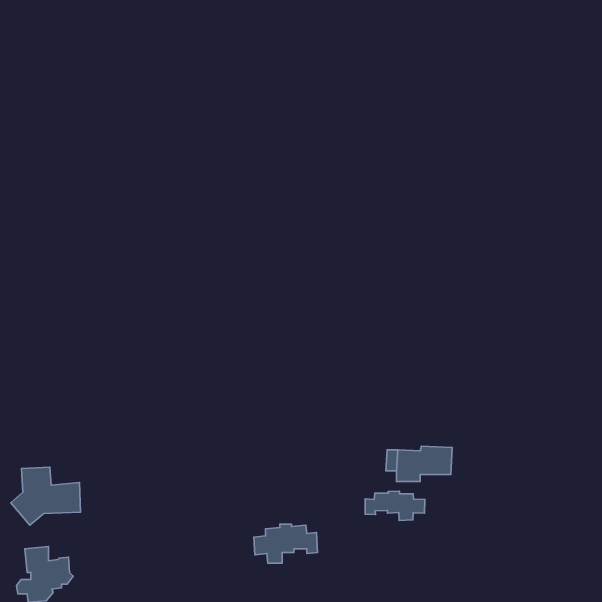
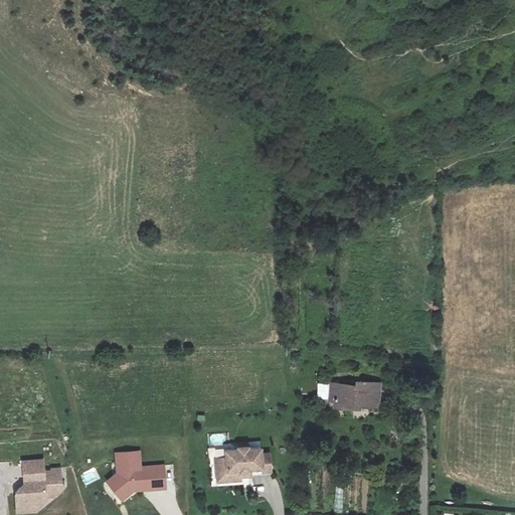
building: [11,467,81,525] -> [106,451,165,500]
building: [365,491,425,521] -> none

